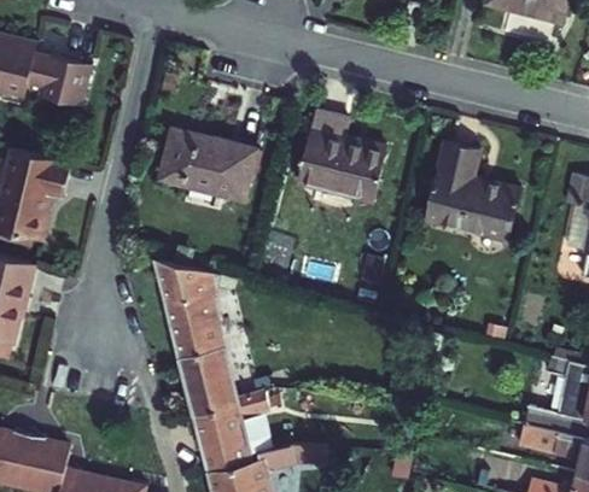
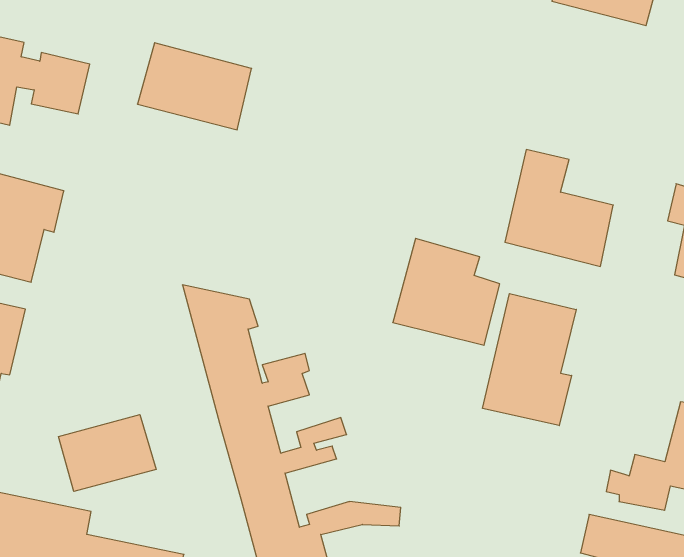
building: [296,110,386,200] -> [393,238,500,345]
building: [159,124,256,198] -> [137,43,252,130]
building: none -> [483,294,576,426]
building: none -> [59,415,156,491]

